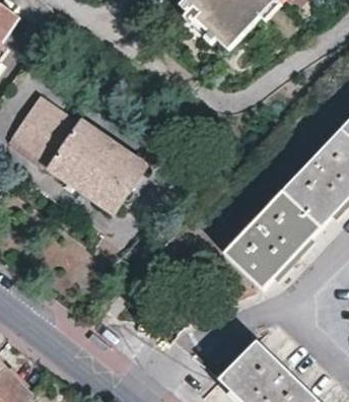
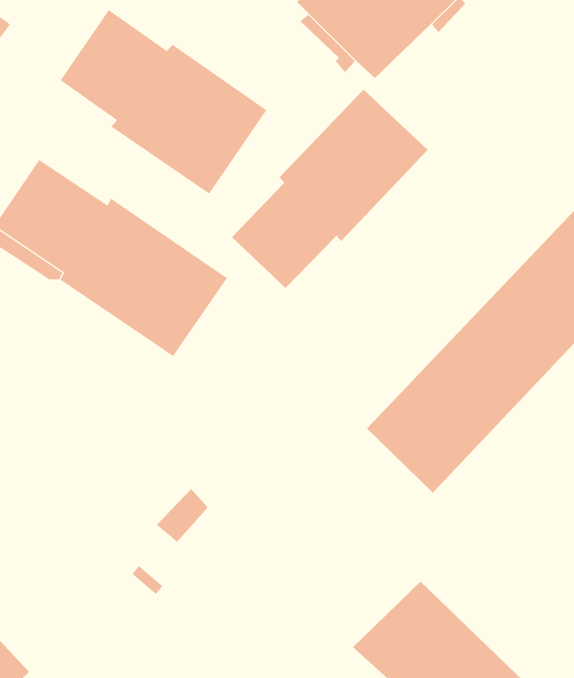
building: none -> [60,9,267,194]
building: none -> [231,89,428,289]

